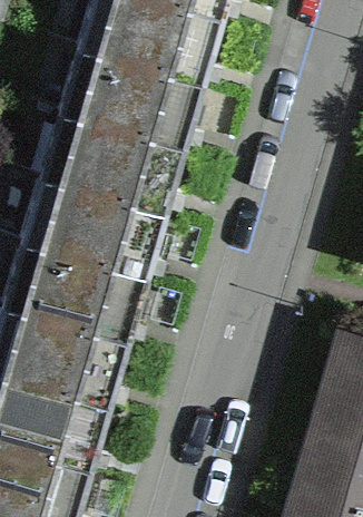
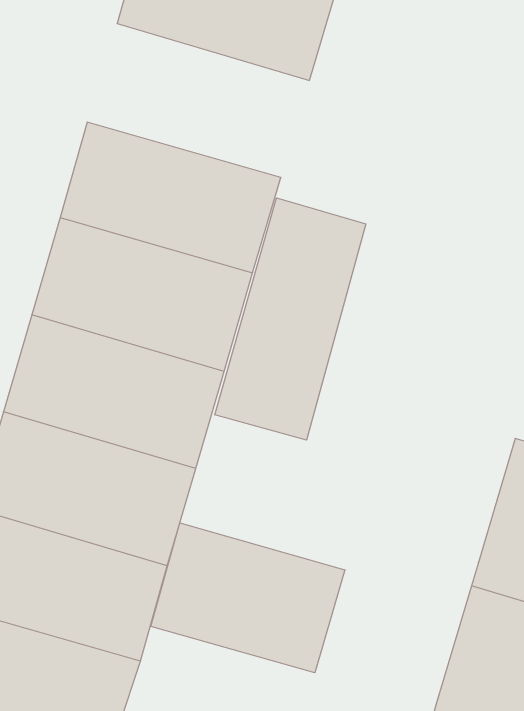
building: [59,51,207,154] -> none
building: none -> [215,198,366,440]
building: none -> [151,523,345,673]

